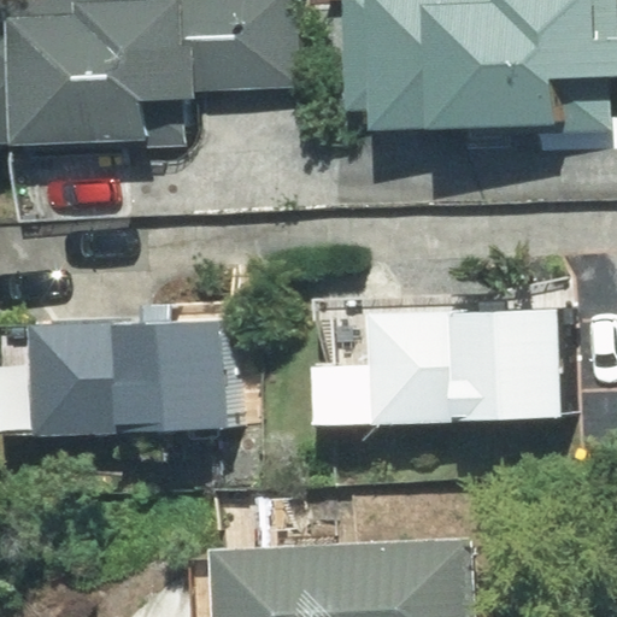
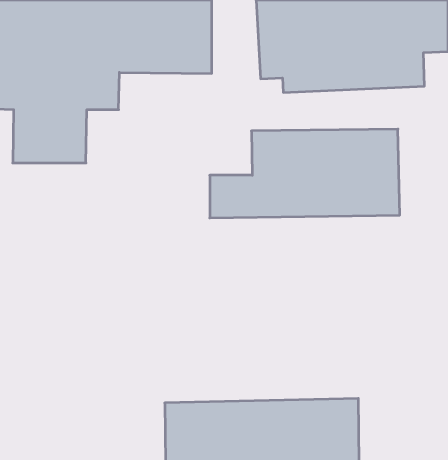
building: [319,302,572,421] -> [210,129,400,218]
building: [47,313,236,436] -> none

